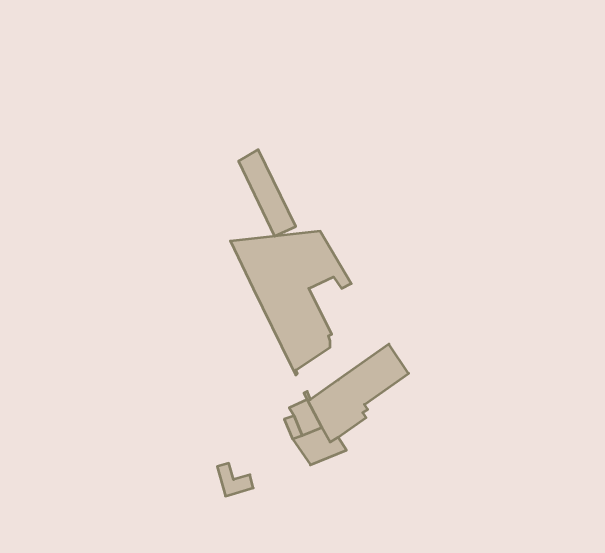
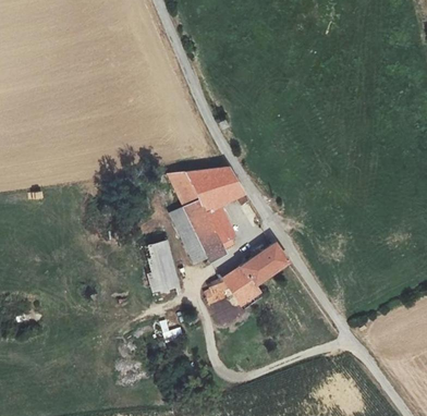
building: [239,150,296,236] -> [171,205,209,262]
building: none -> [142,240,182,299]

